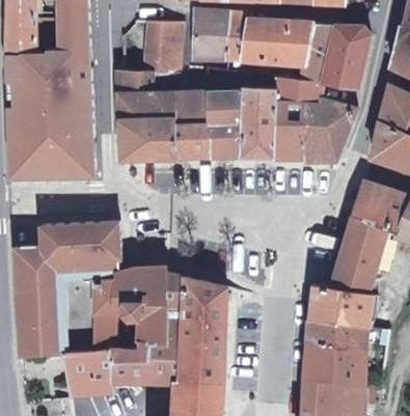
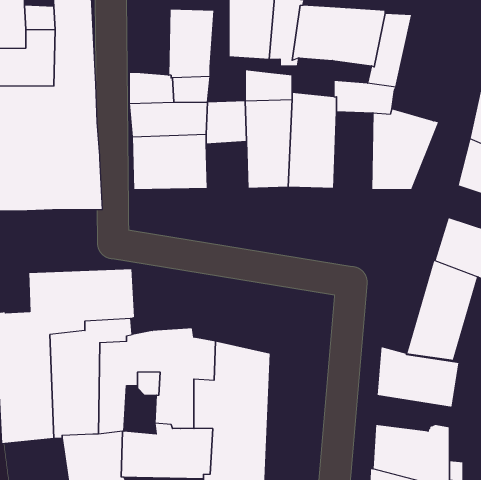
building: [322,26,370,90] -> none
building: [275,101,305,161] -> none
building: [176,123,209,160] -> none
building: [307,320,366,348] -> none

